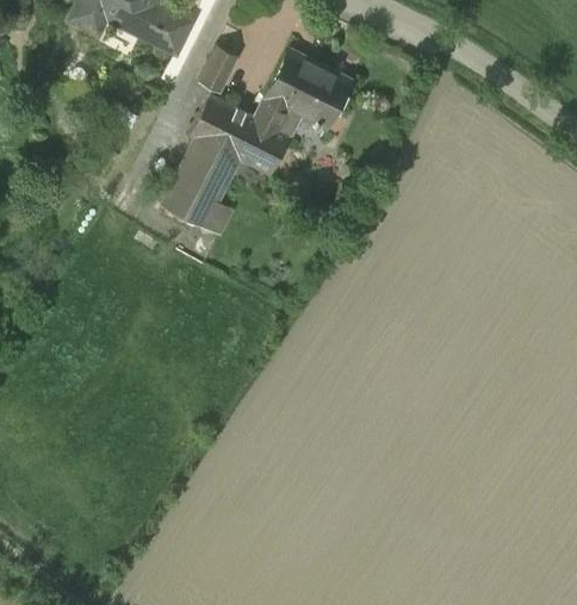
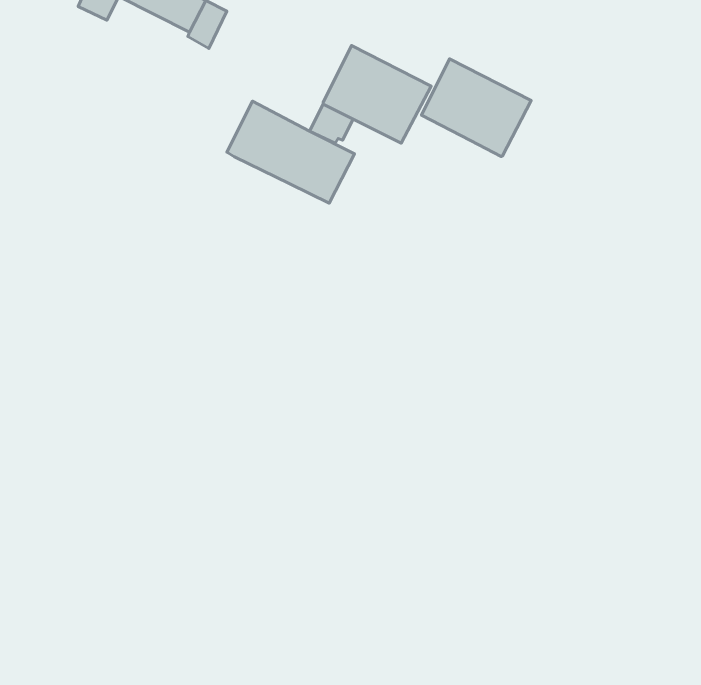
building: [198,46,238,93] -> none
building: none -> [422,59,531,157]
building: [161,138,240,235] -> none

